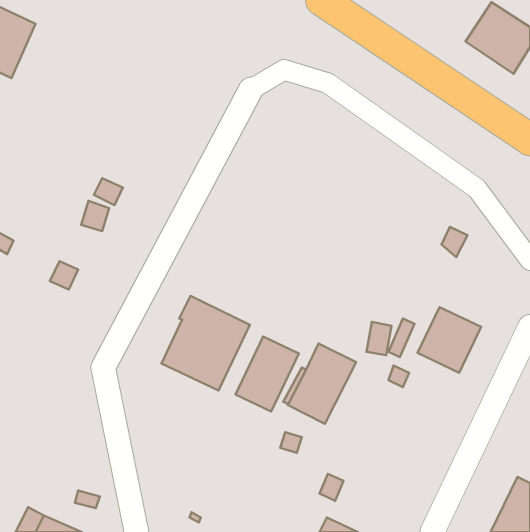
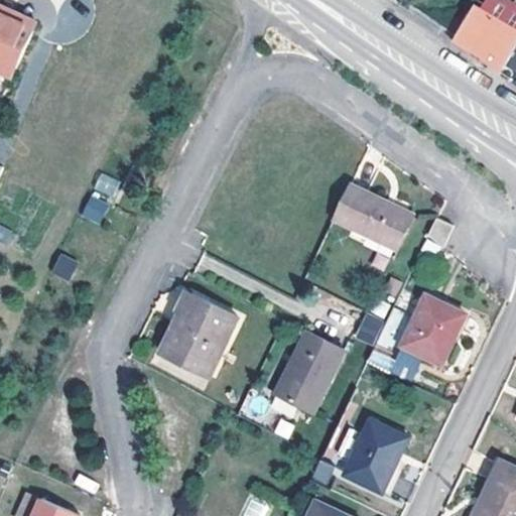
building: none -> [335,185,411,248]
building: [236,337,299,412] -> none
building: none -> [345,421,407,494]

